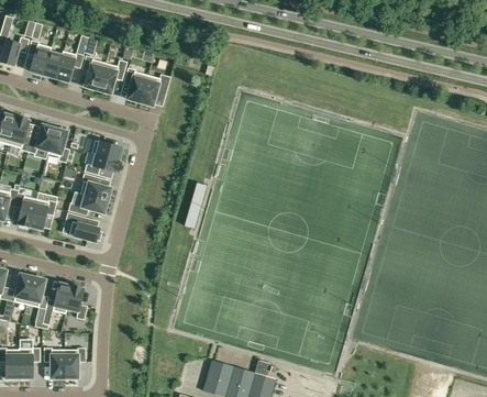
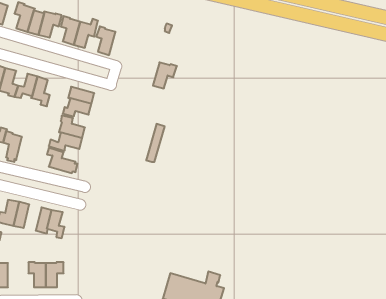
building: [140,75,168,106] -> [153,62,177,88]
building: [30,199,56,229] -> none
building: [19,348,40,377] -> none

